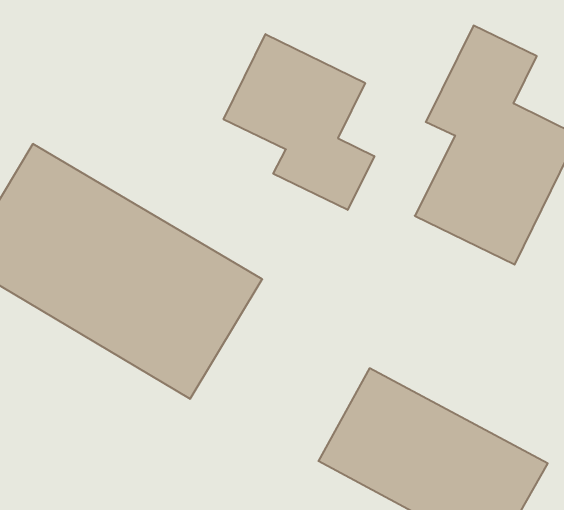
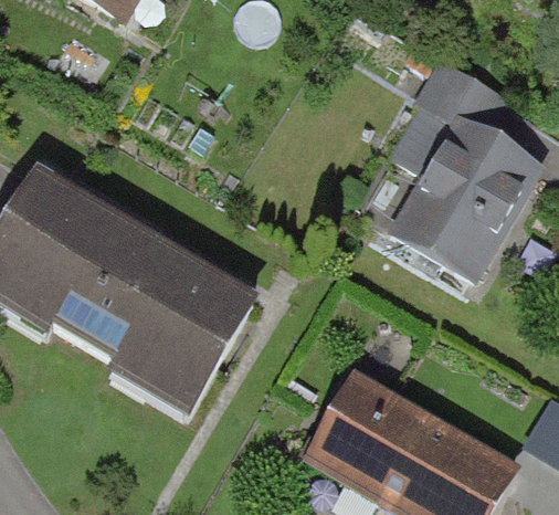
building: [224,34,374,210] -> none

